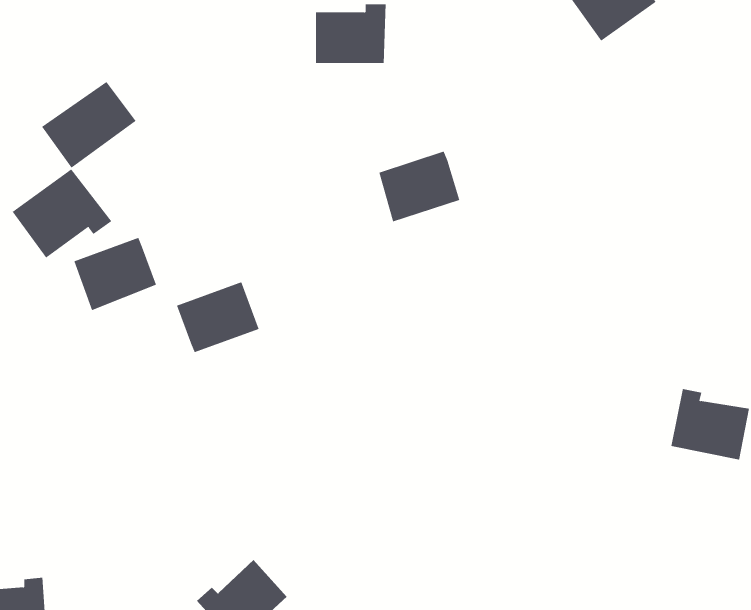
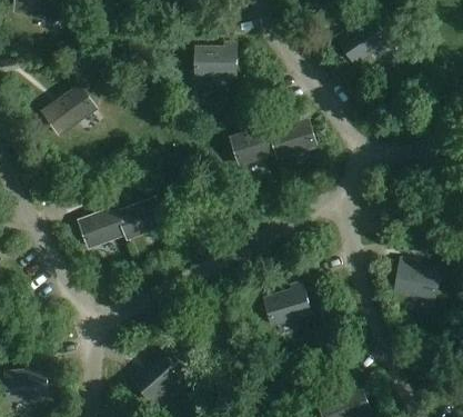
building: none -> [270,119,315,159]
building: [12,169,112,258] -> none
building: [73,237,157,311] -> [79,207,125,248]
building: none -> [264,282,310,326]

